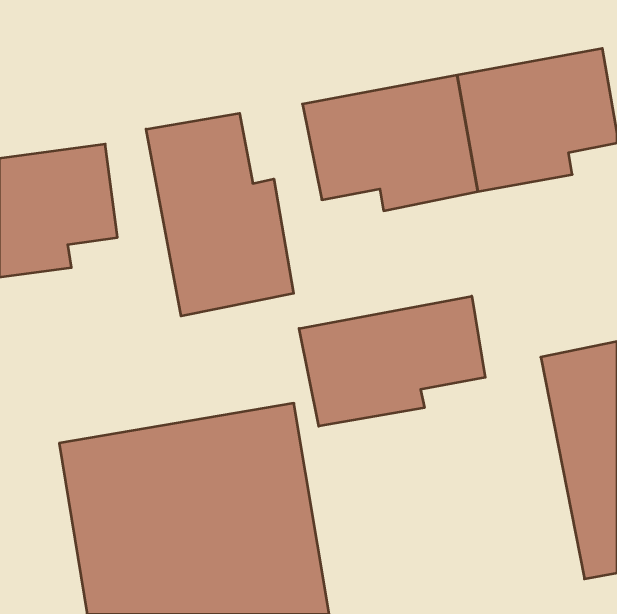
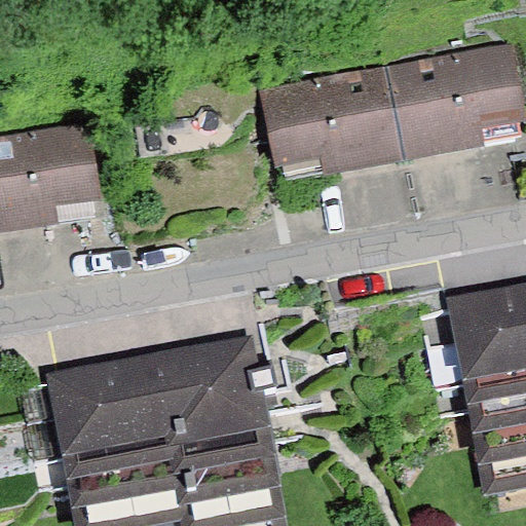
building: [146,113,294,316] -> none
building: [299,296,485,426] -> none

